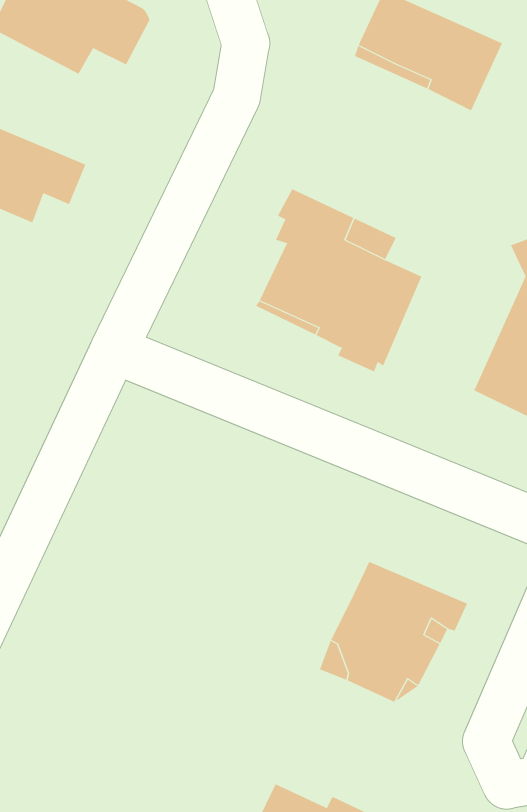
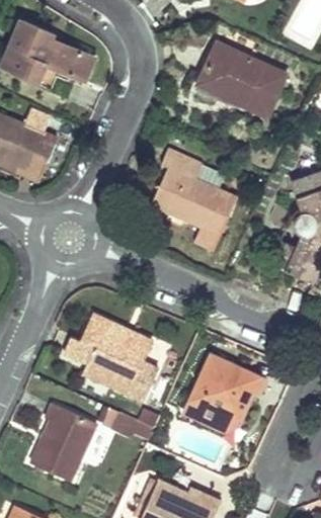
building: none -> [64,317,157,400]
building: none -> [31,405,96,481]
building: none -> [104,406,154,440]

